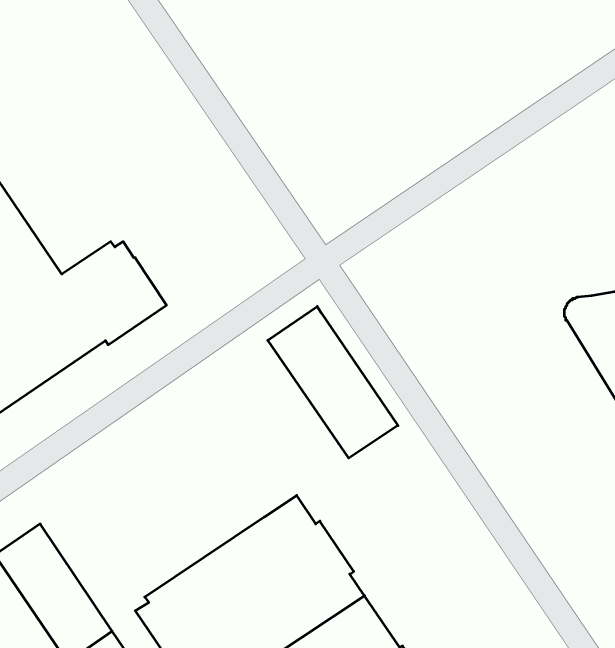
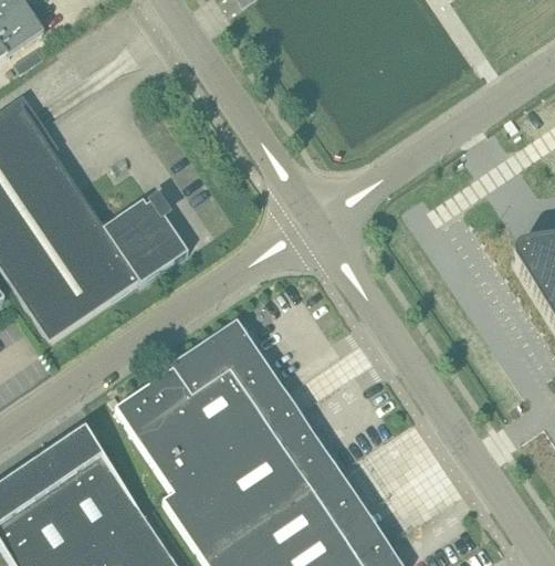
building: [268,306,398,458] -> none
building: none -> [114,322,293,489]

